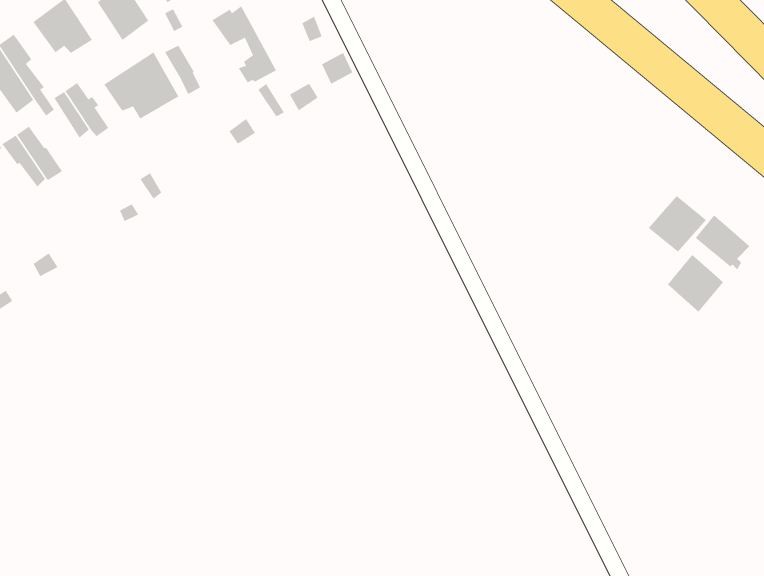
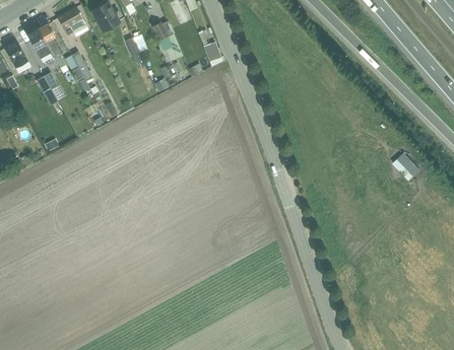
building: [104,51,179,119] -> none
building: [648,195,707,253] -> none
building: [667,254,724,313] -> none

